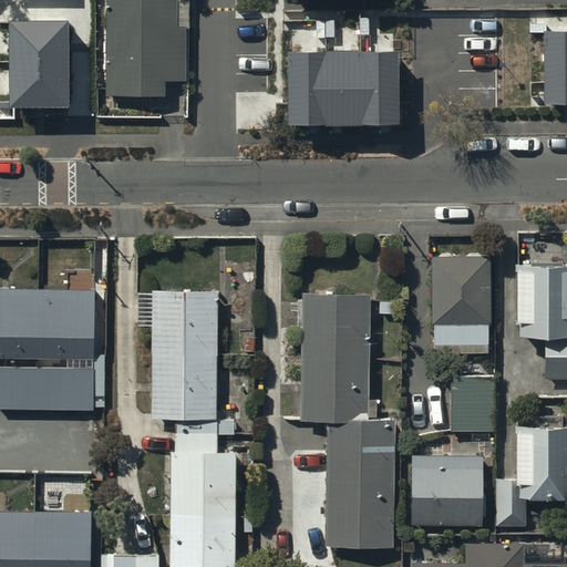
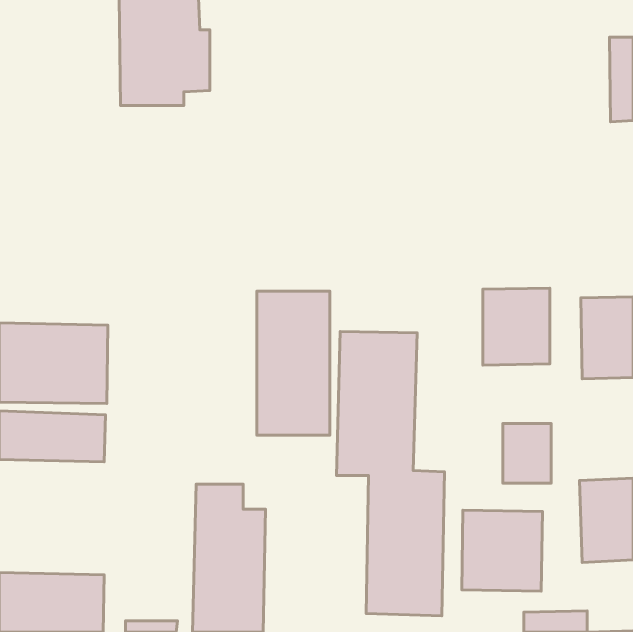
building: [8,20,69,106] -> none
building: [288,53,401,130] -> none
building: [153,291,218,420] -> [257,291,330,435]

